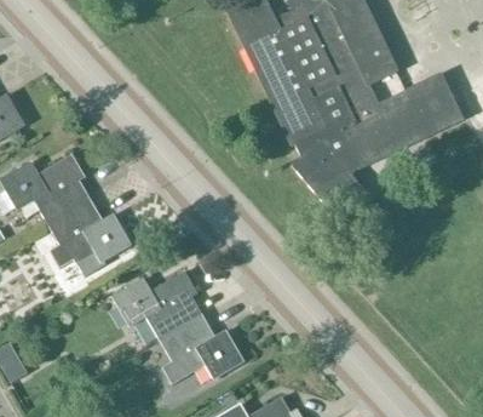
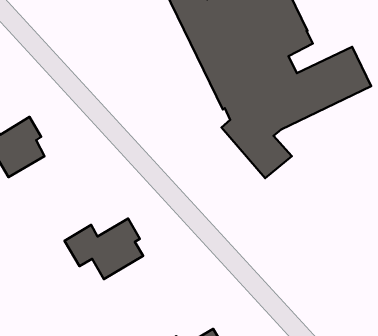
building: [47,199,131,276] -> none
building: [156,313,242,384] -> none

